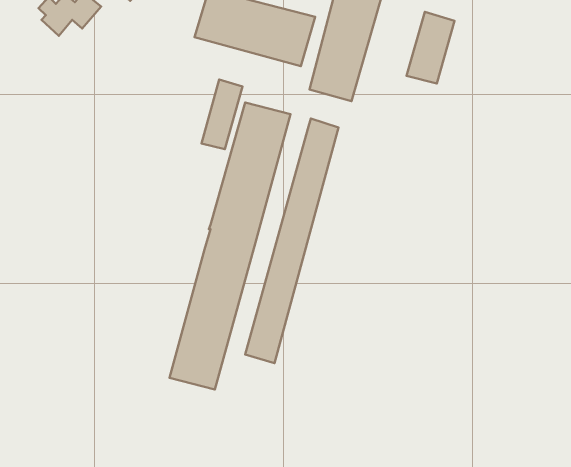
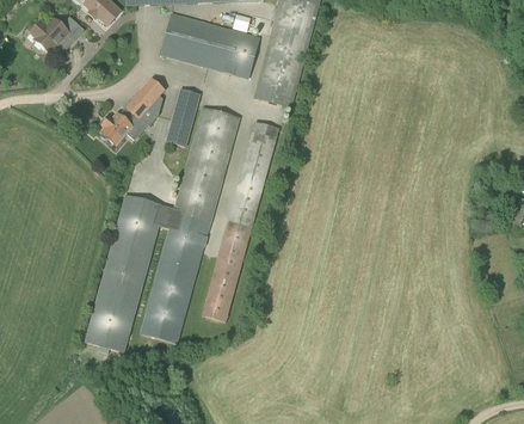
building: [407,12,454,84] -> none
building: none -> [100,79,164,145]
building: none -> [84,193,173,352]

